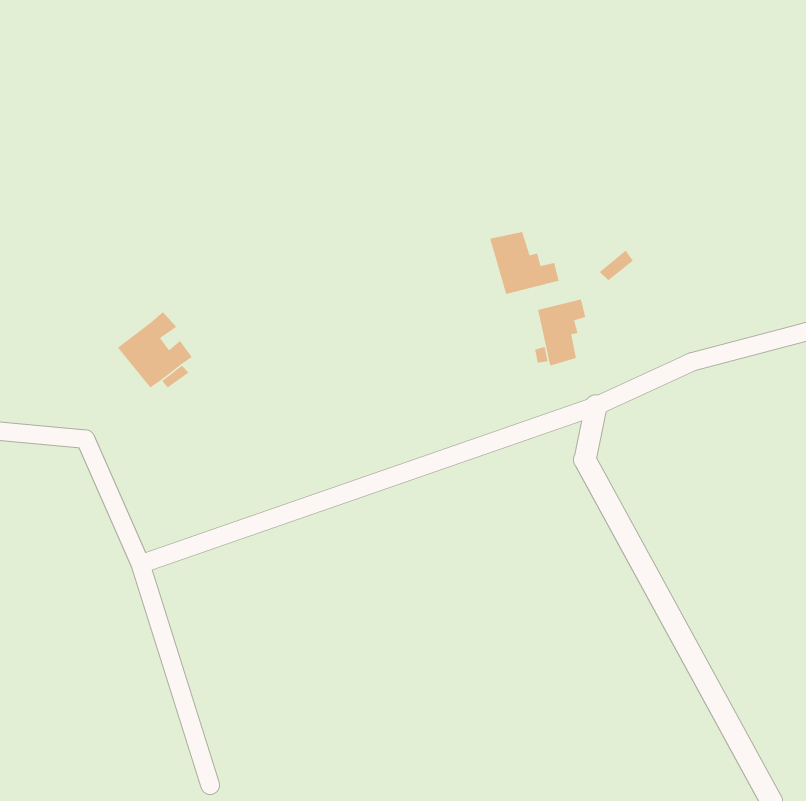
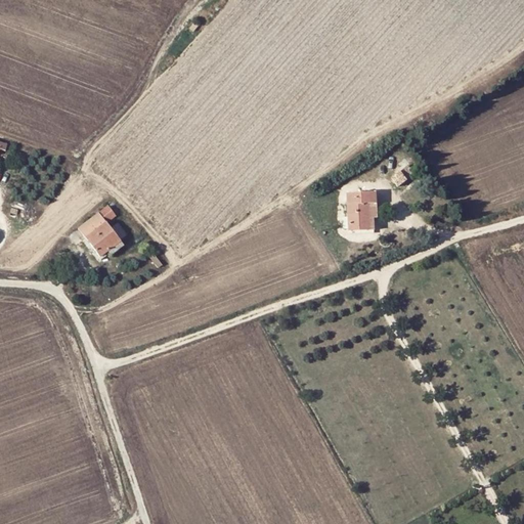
building: [490,231,560,295] -> none

